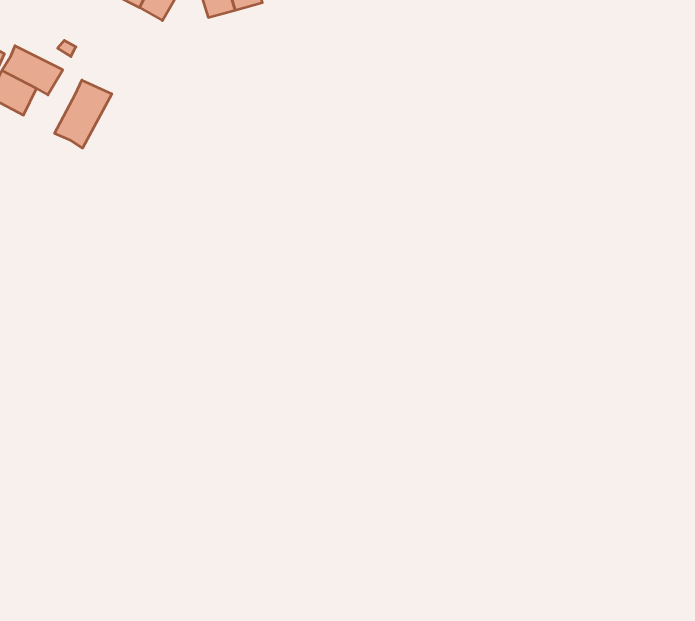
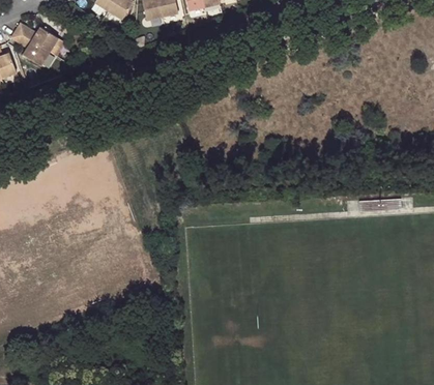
building: [55,80,112,148] -> none

